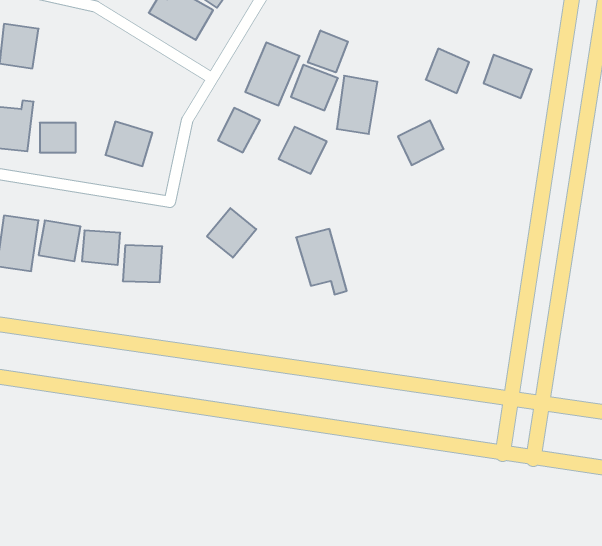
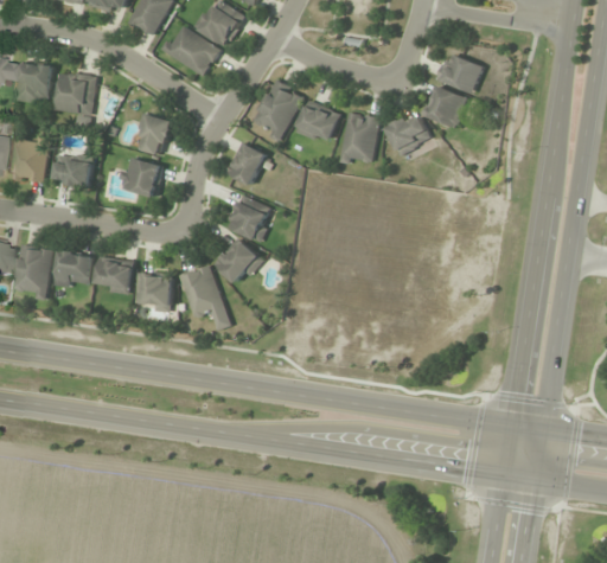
building: [308,30,348,72] -> none
building: none -> [56,72,96,122]
building: [484,55,532,98] -> [436,52,483,94]
building: none -> [133,113,172,155]
building: [398,120,444,165] -> [385,113,429,155]
building: [279,127,327,174] -> [226,196,273,241]
building: [296,229,347,294] -> [179,265,228,328]

